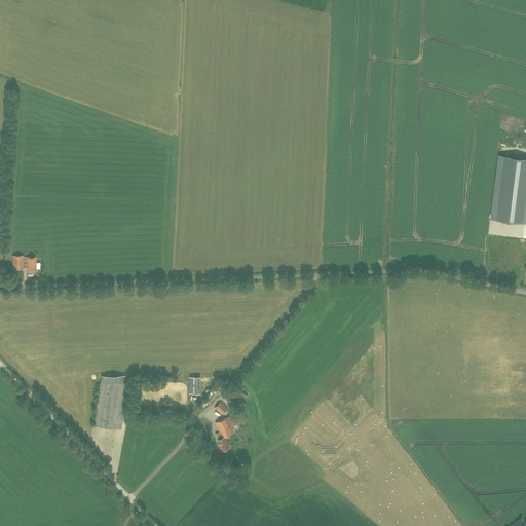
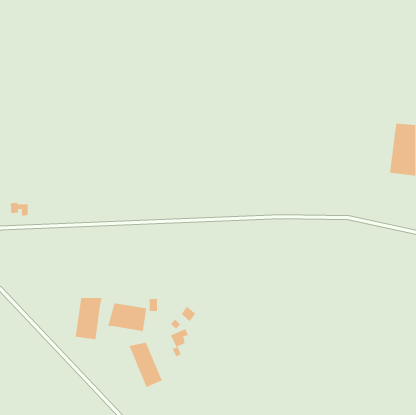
building: none -> [108,303,147,332]
building: none -> [128,342,162,388]

